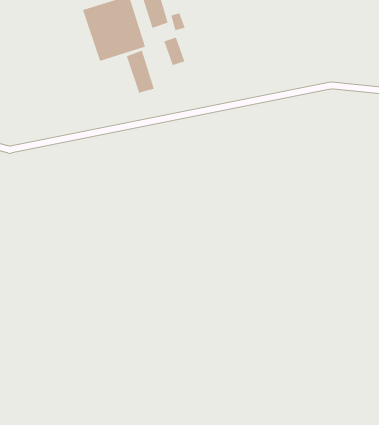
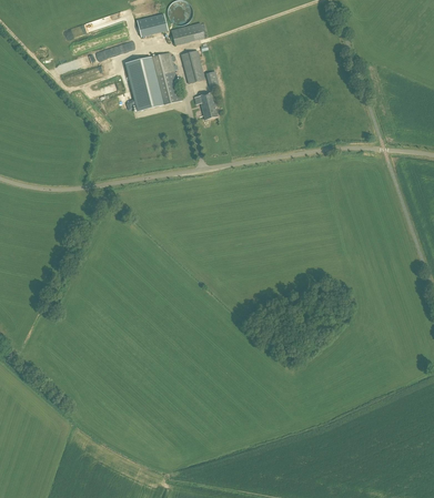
building: [126,50,155,94] -> none

